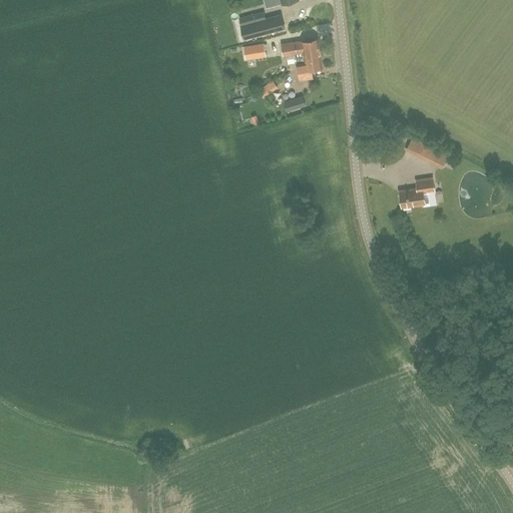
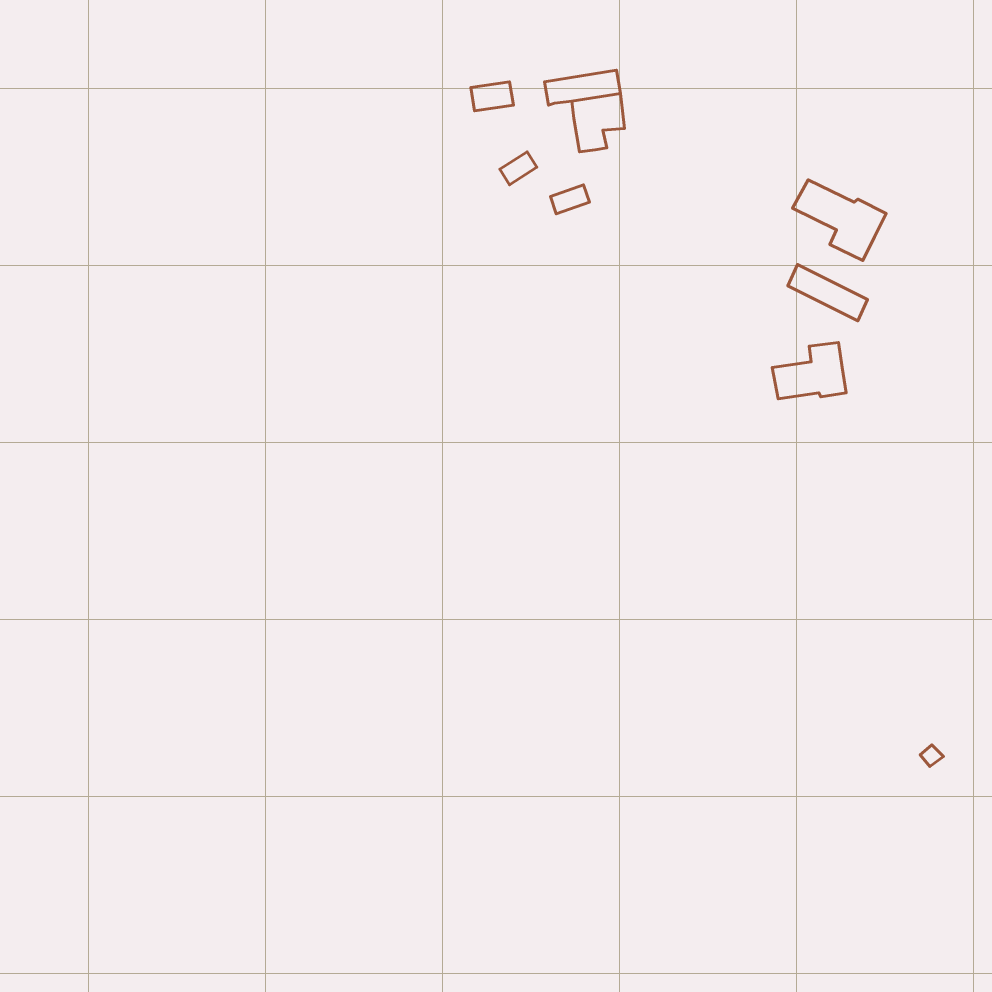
building: [238,10,284,37] -> none
building: none -> [792,180,886,260]

